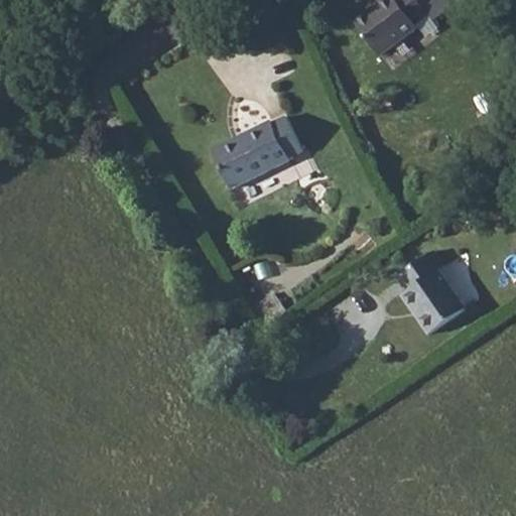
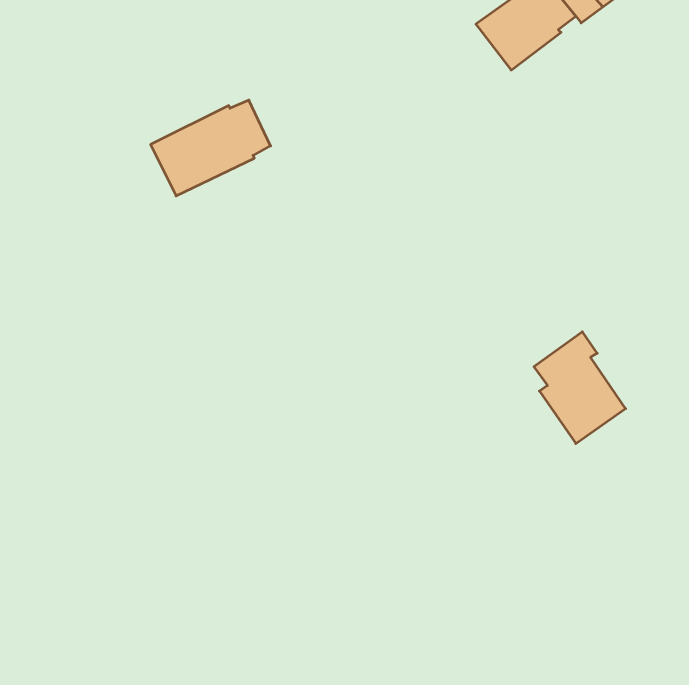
building: [215,114,304,185] -> [151,100,271,196]

